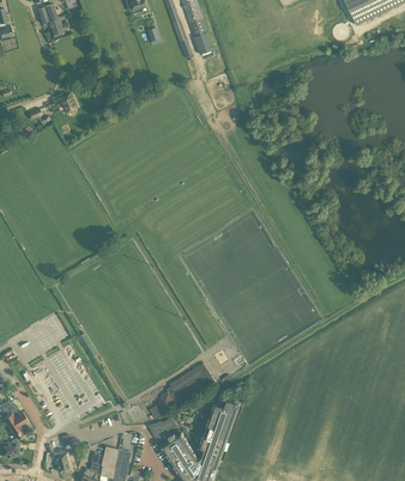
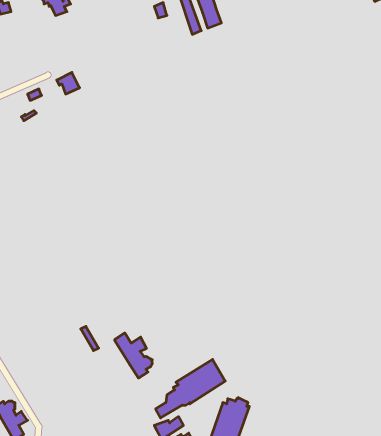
building: none -> [115,333,152,378]

